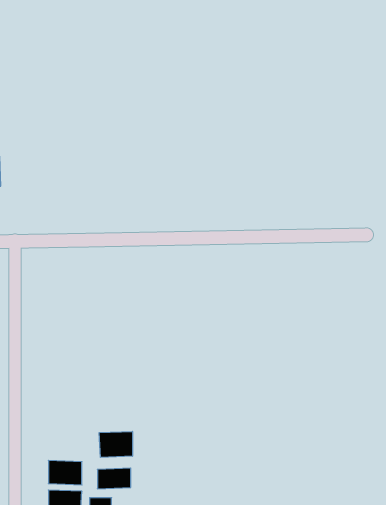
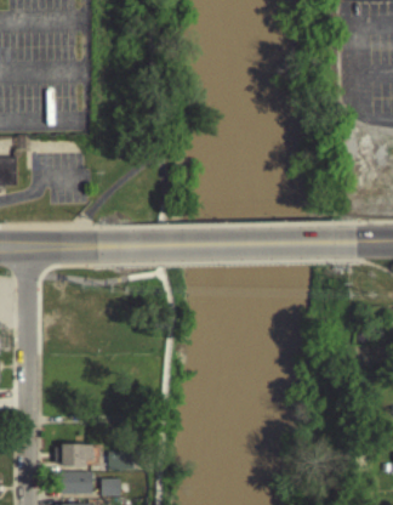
building: [99,431,132,457] -> none

